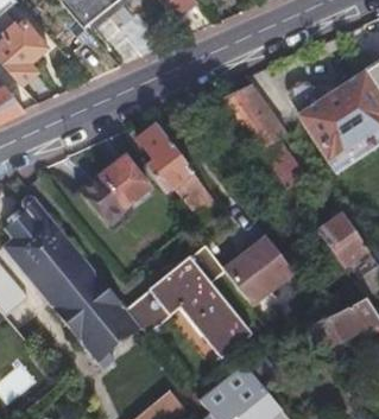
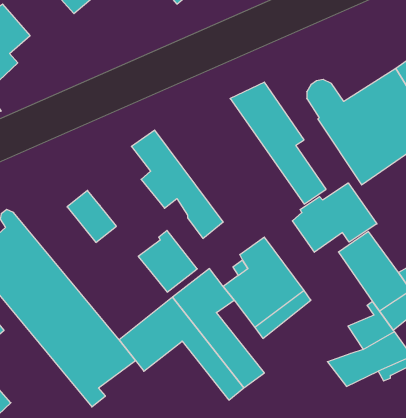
building: [99,155,150,209] -> [138,230,197,292]
building: none -> [292,183,377,252]

